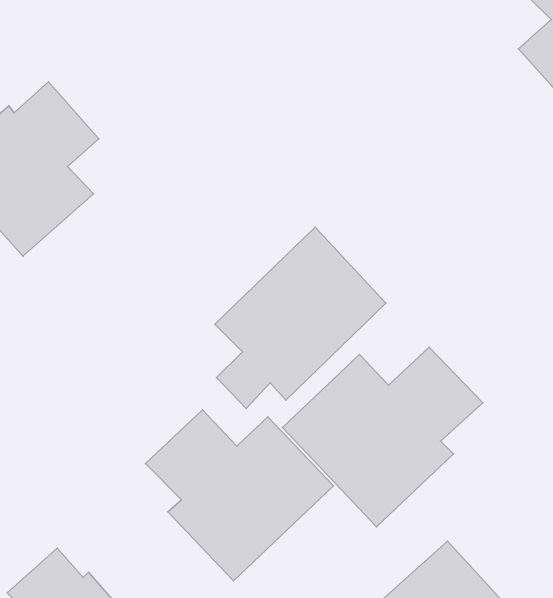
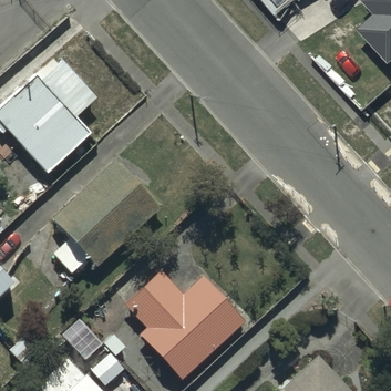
building: [215,227,386,409] -> [50,155,160,271]
building: [283,347,483,527] -> none

